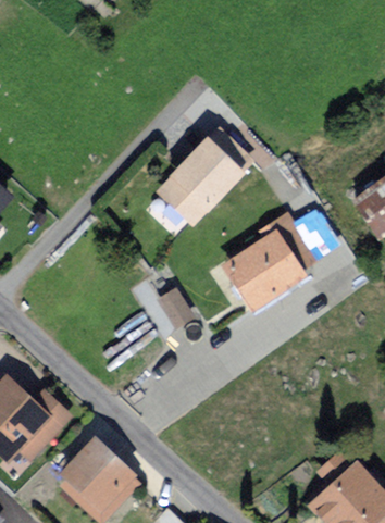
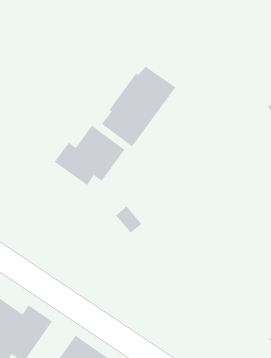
building: none -> [54,125,125,186]
building: [221,214,320,309] -> none

